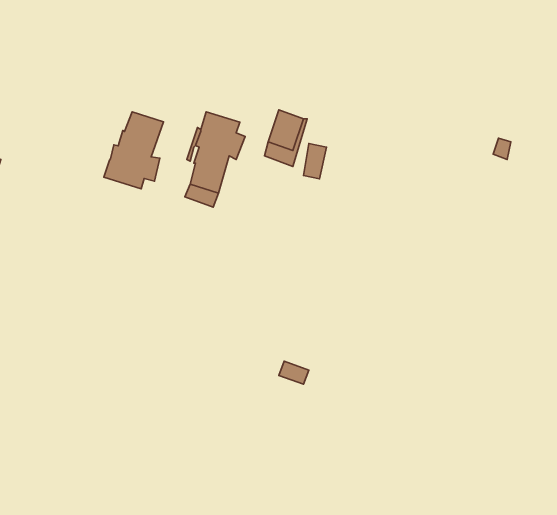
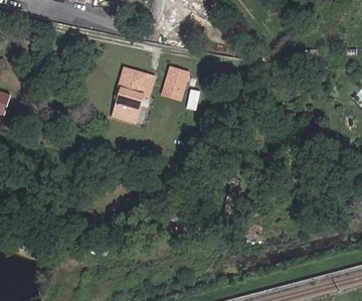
building: [104,112,164,189] -> none

